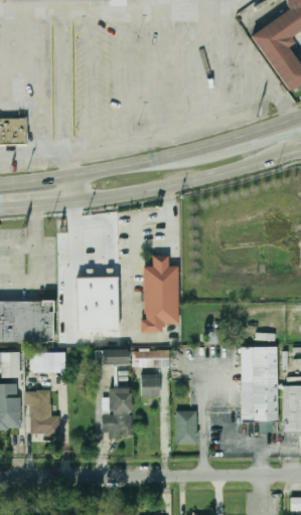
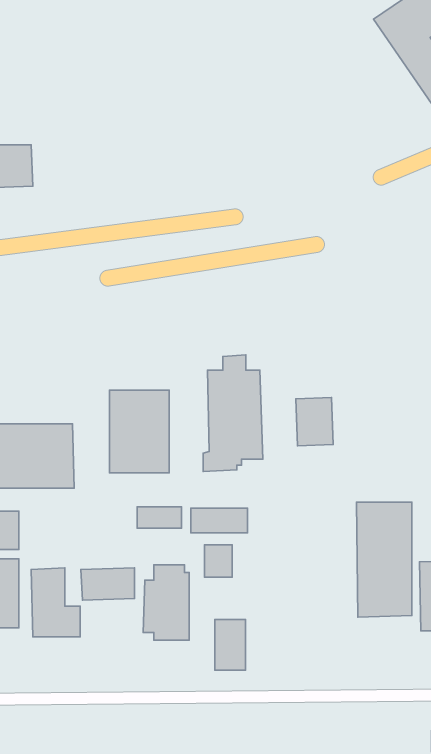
building: none -> [296,398,333,446]
building: [28,353,63,374] -> [81,568,135,600]
building: [176,412,196,446] -> [215,620,246,670]

